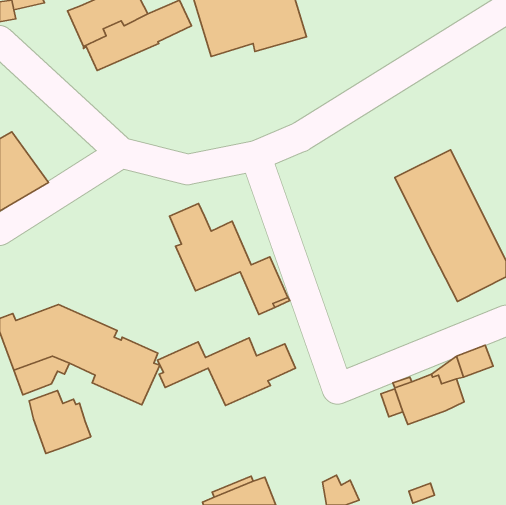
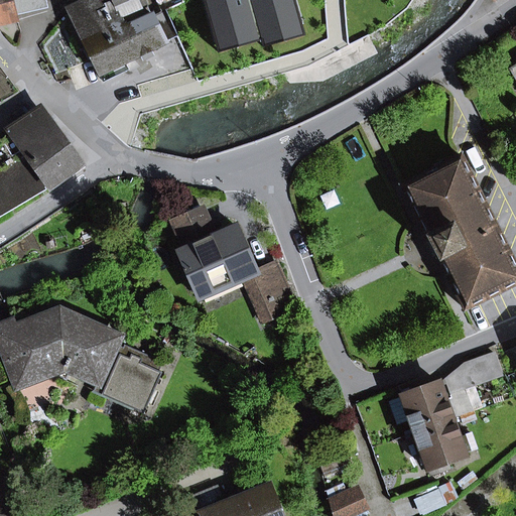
building: none -> [8,106,83,185]
building: [157,338,295,405] -> none
building: [29,390,91,453] -> none
building: none -> [414,417,476,470]

